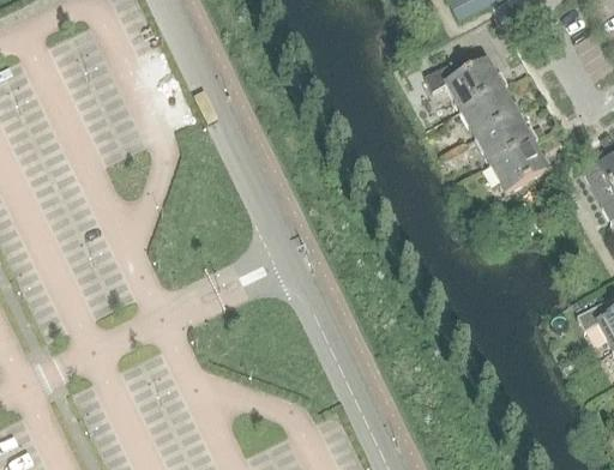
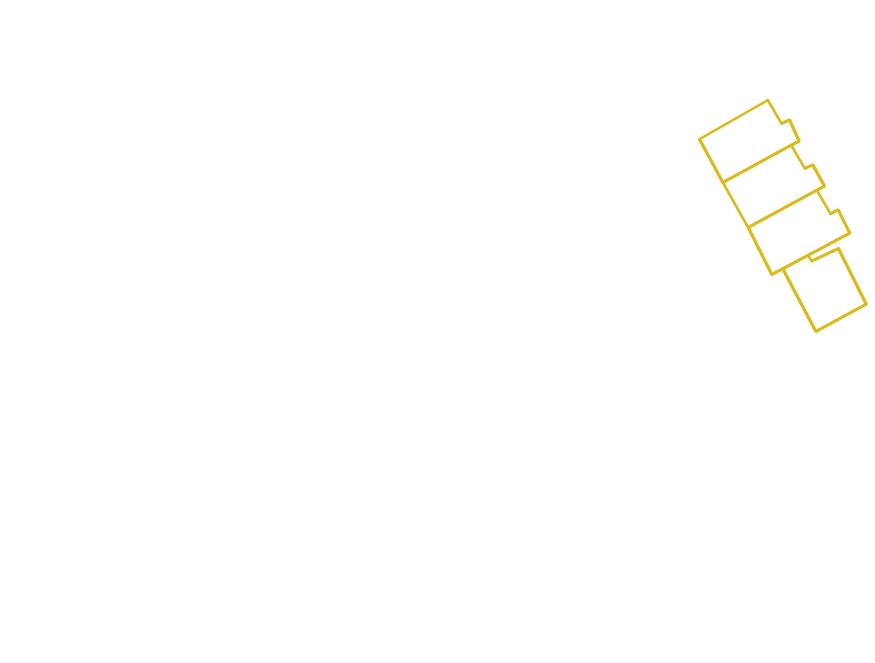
building: [425,54,507,109] -> none
building: none -> [783,248,866,332]

